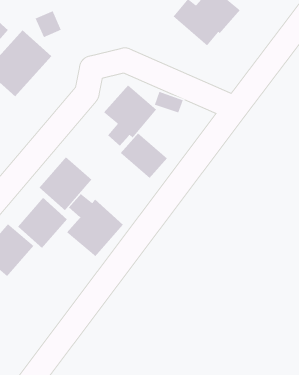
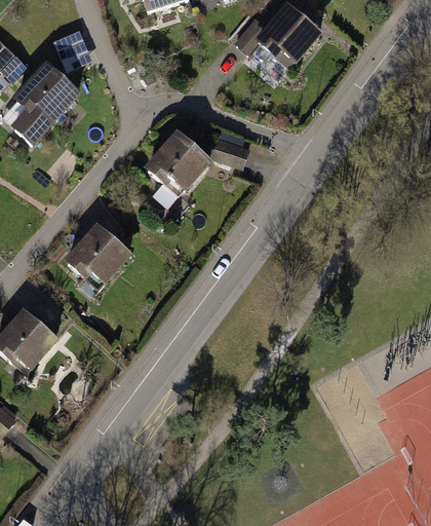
building: [120,132,168,179] -> none
building: [66,193,124,257] -> none
building: [17,197,68,249] -> none

